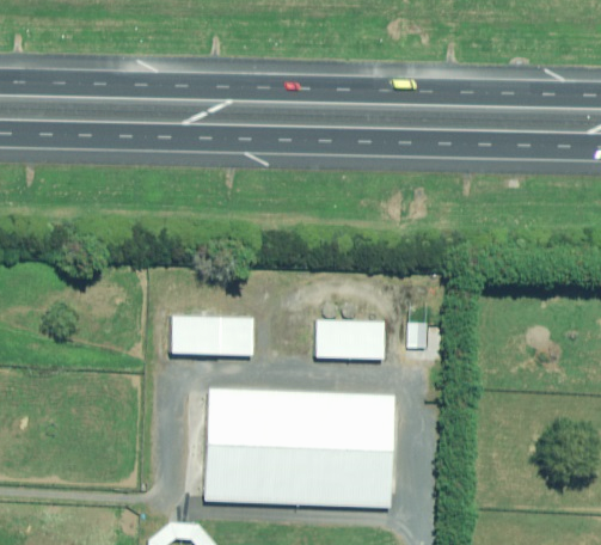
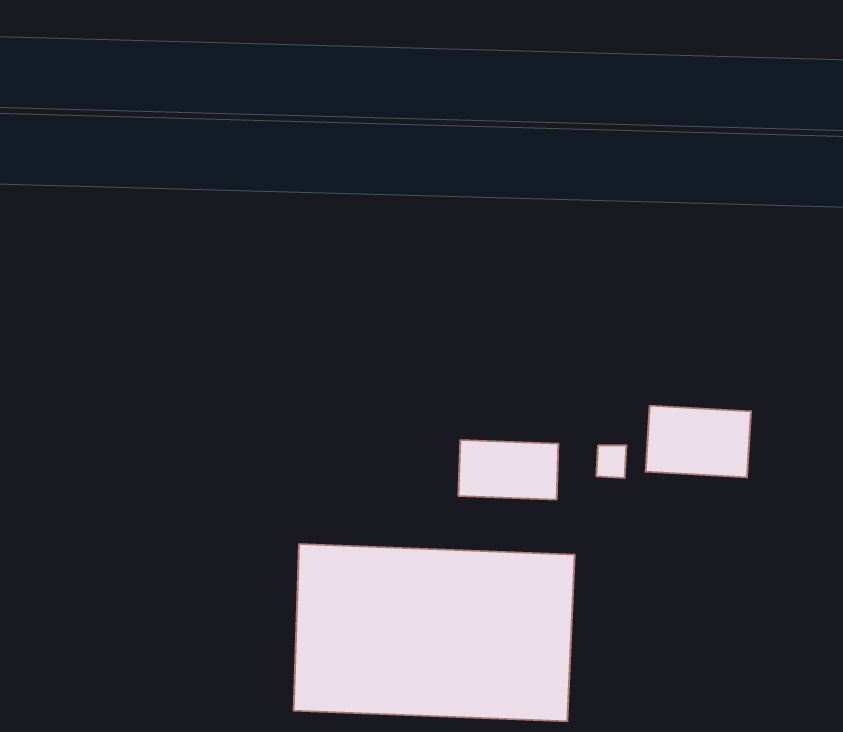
building: none -> [646,406,751,478]
building: [171,317,252,356] -> none

